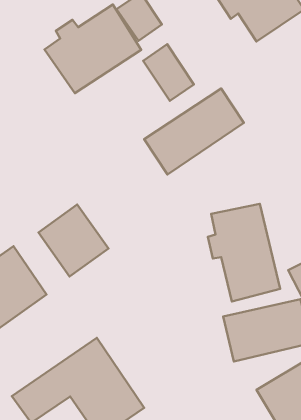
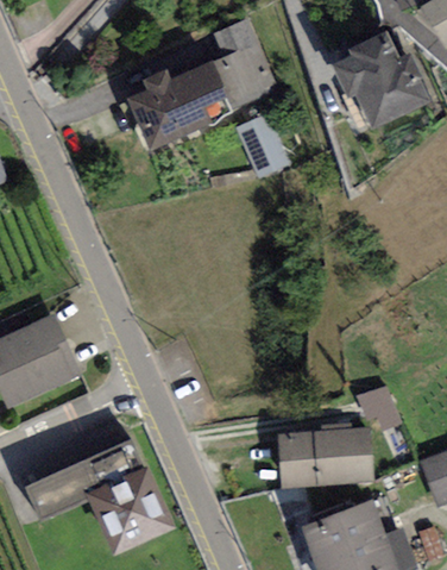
building: [144,88,244,174] -> none
building: [208,204,280,301] -> none
building: [38,204,108,277] -> none

